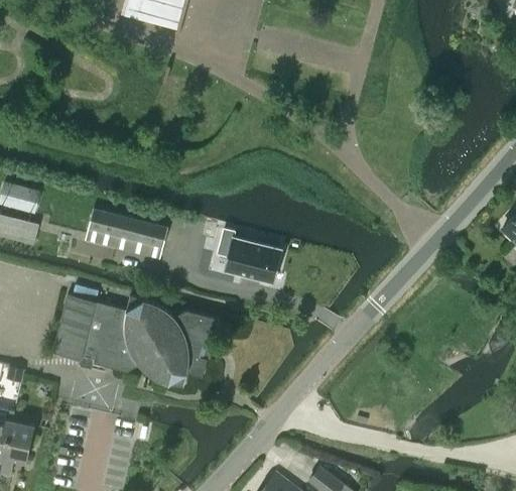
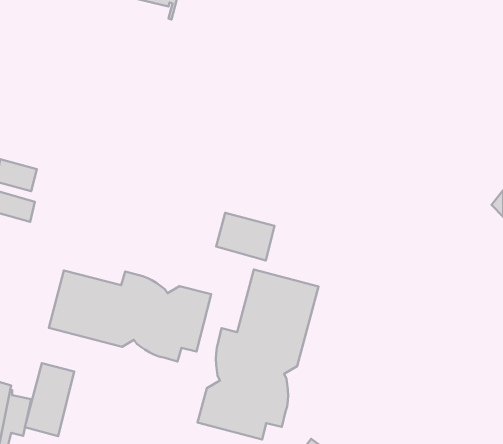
building: [83,209,165,257] -> none
building: none -> [197,269,318,439]
building: none -> [25,363,74,436]

